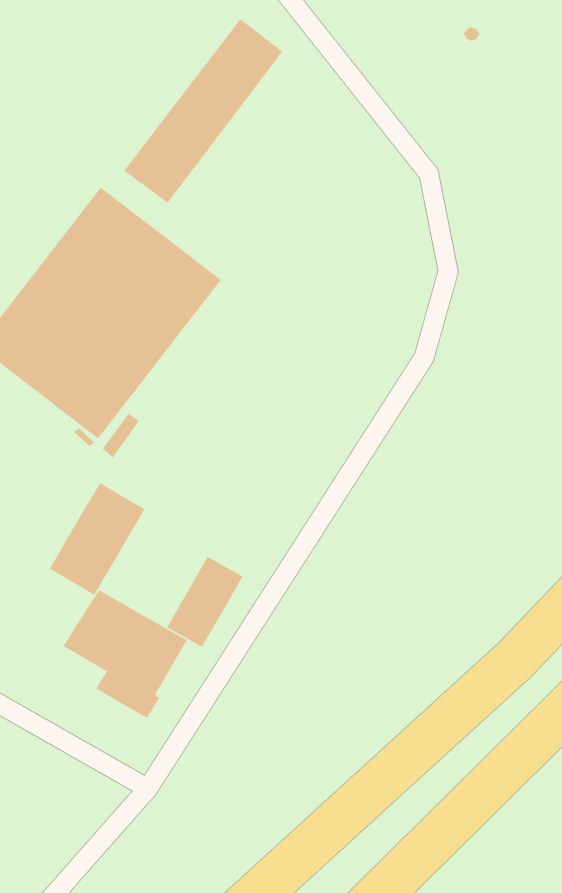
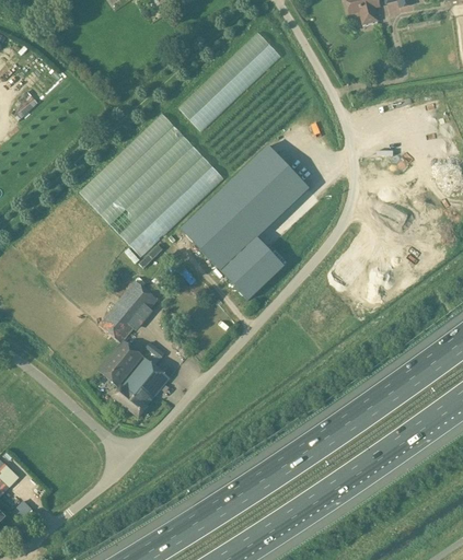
building: none -> [178,143,305,296]
building: [166,556,243,648] -> none

